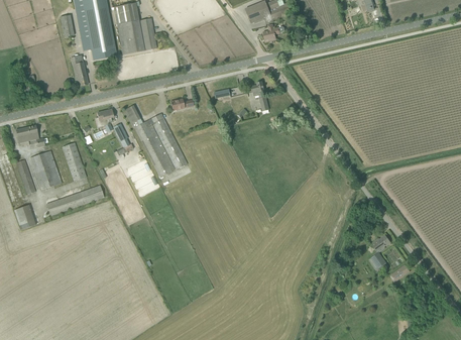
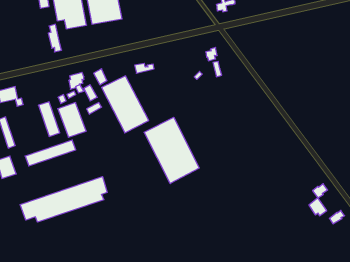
building: [29,150,62,190] -> [58,103,86,137]
building: none -> [144,117,199,184]
building: none -> [20,177,107,222]

